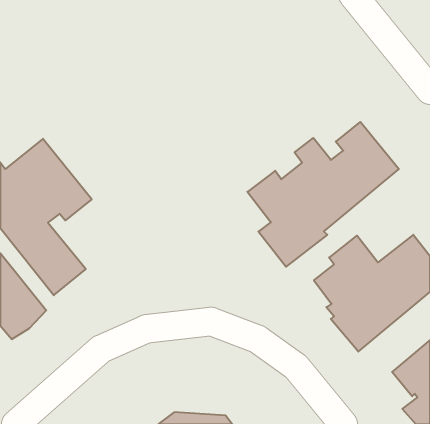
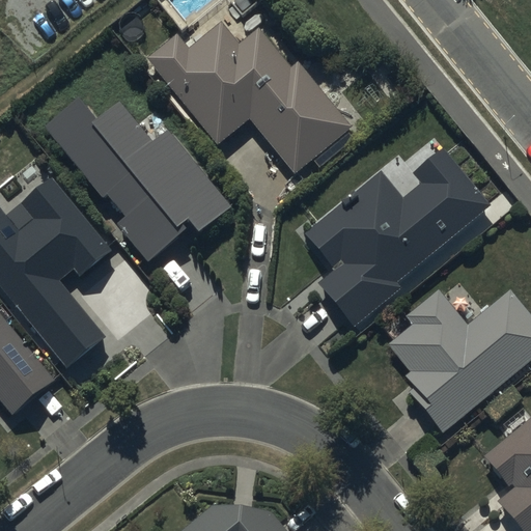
building: none -> [143,16,348,172]
building: none -> [47,99,228,257]

